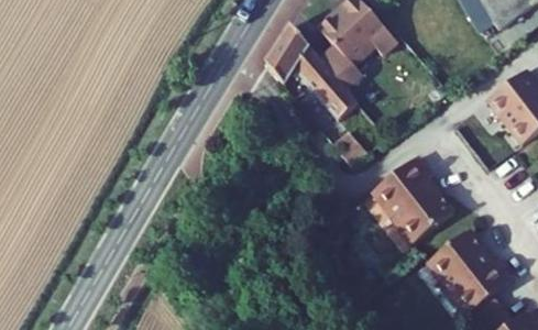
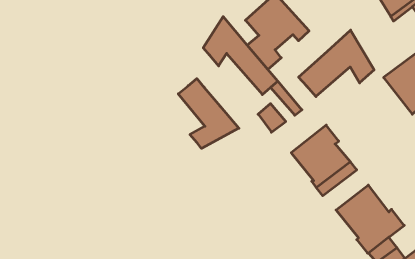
building: none -> [299,30,374,97]
building: none -> [178,79,239,148]

